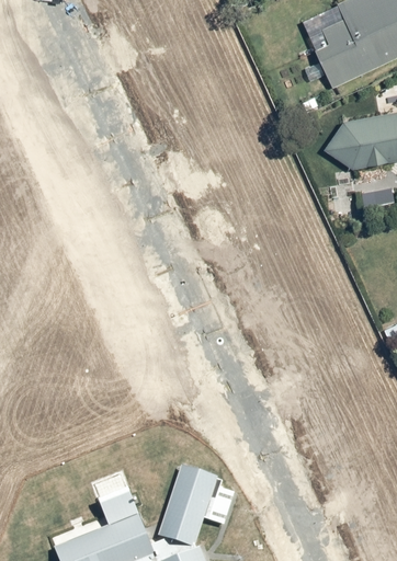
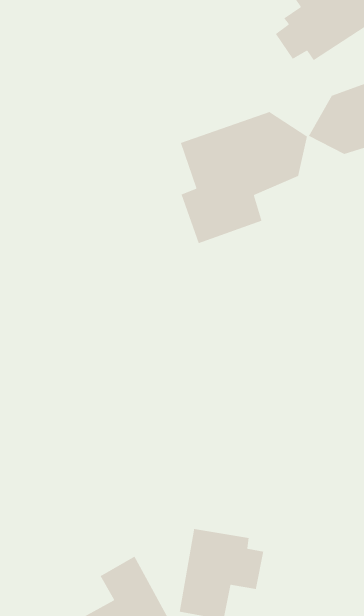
building: none -> [180,111,308,244]

